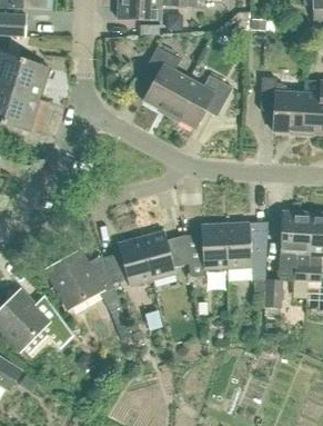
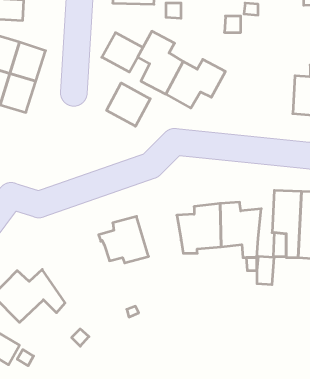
building: none -> [102,33,143,72]
building: [260,77,303,131] -> none
building: none -> [107,83,150,126]
building: [141,230,186,278] -> none
building: [50,251,121,309] -> none

